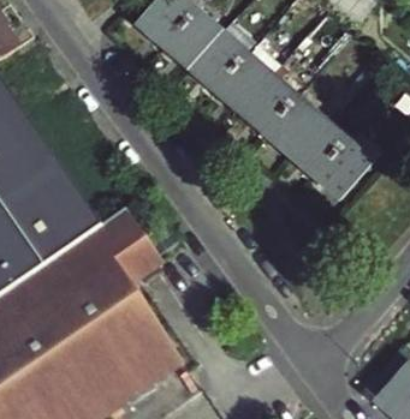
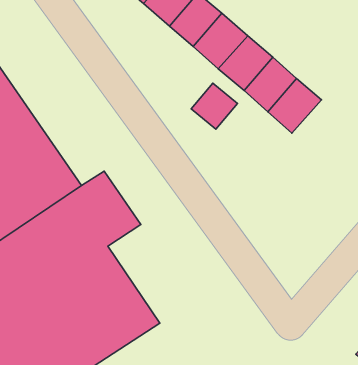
building: none -> [191,83,237,129]
building: [314,139,368,194] -> none

